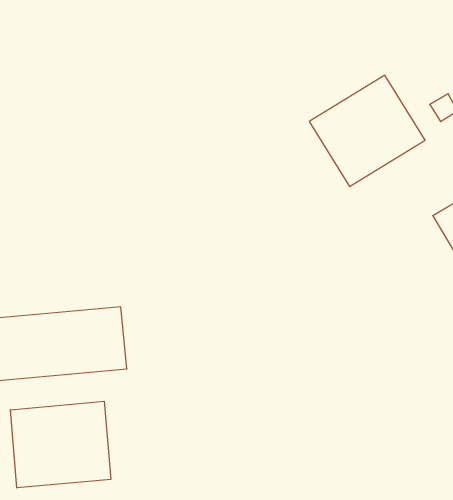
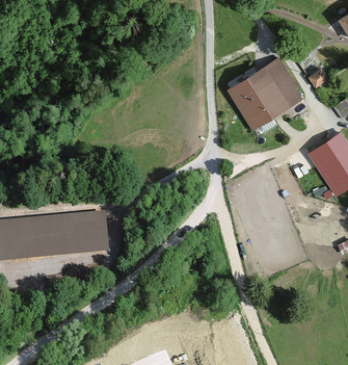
building: [10,401,111,488] -> none

